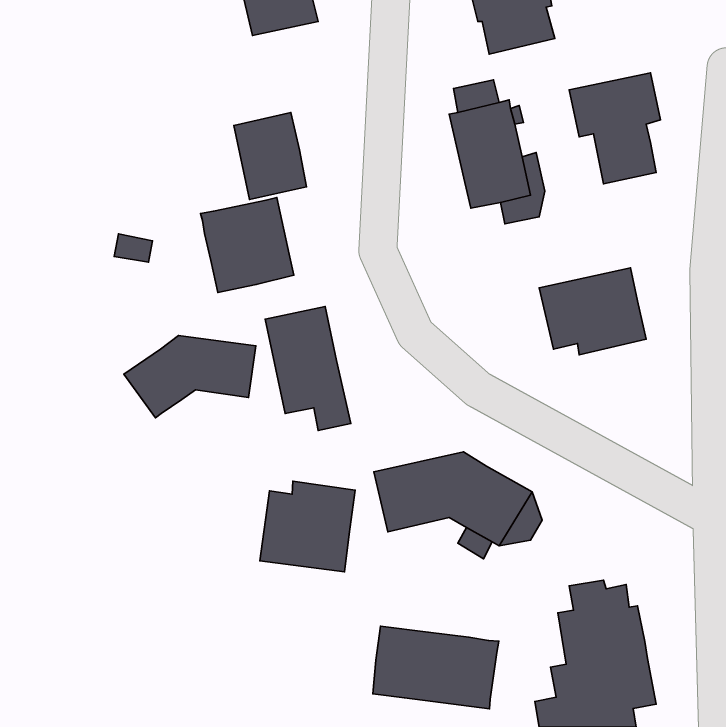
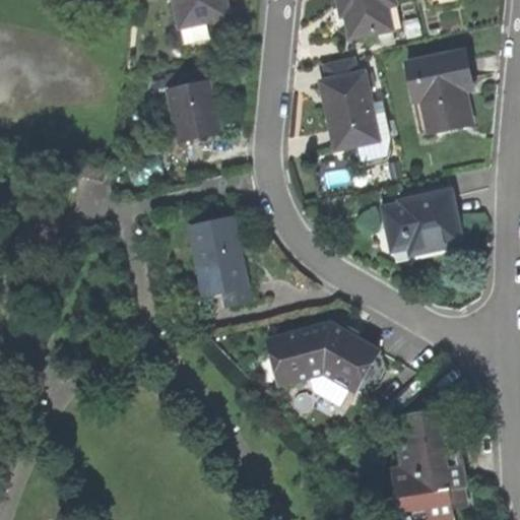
building: [200,197,294,292] -> none
building: [124,335,256,418] -> none
building: [260,481,355,572] -> none
building: [373,626,499,709] -> none

